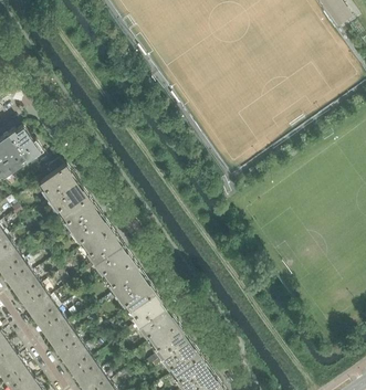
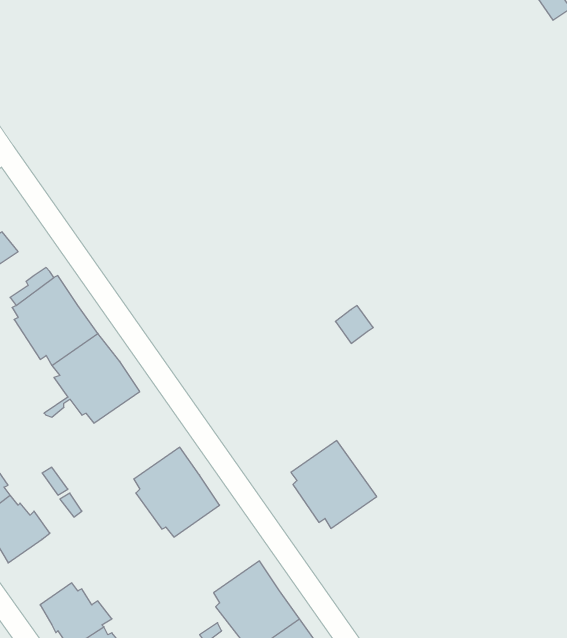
building: [85,231,133,280] -> none
building: [129,294,177,342] -> [291,441,377,528]
building: [38,313,73,349] -> none

